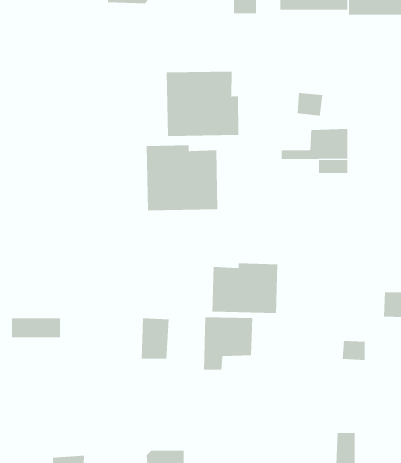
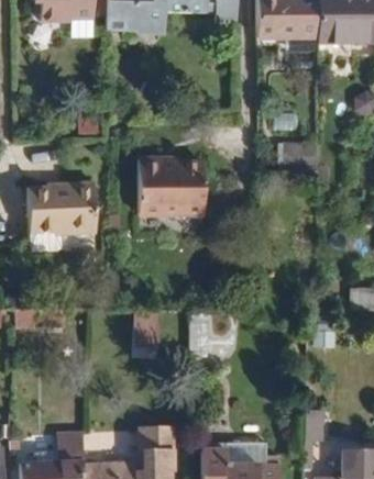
building: [166,71,239,137] -> none
building: none -> [29,182,96,234]
building: [212,263,278,314] -> none

